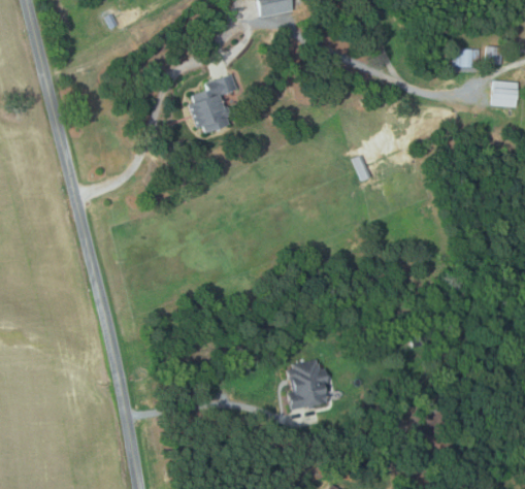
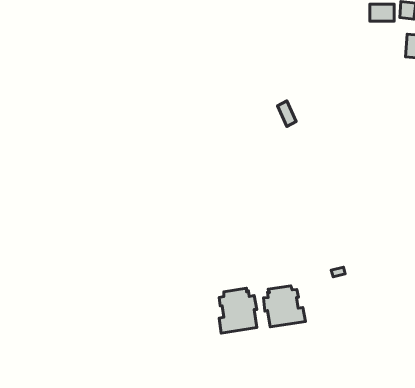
building: [189,74,237,133] -> none
building: none -> [263,286,306,327]

